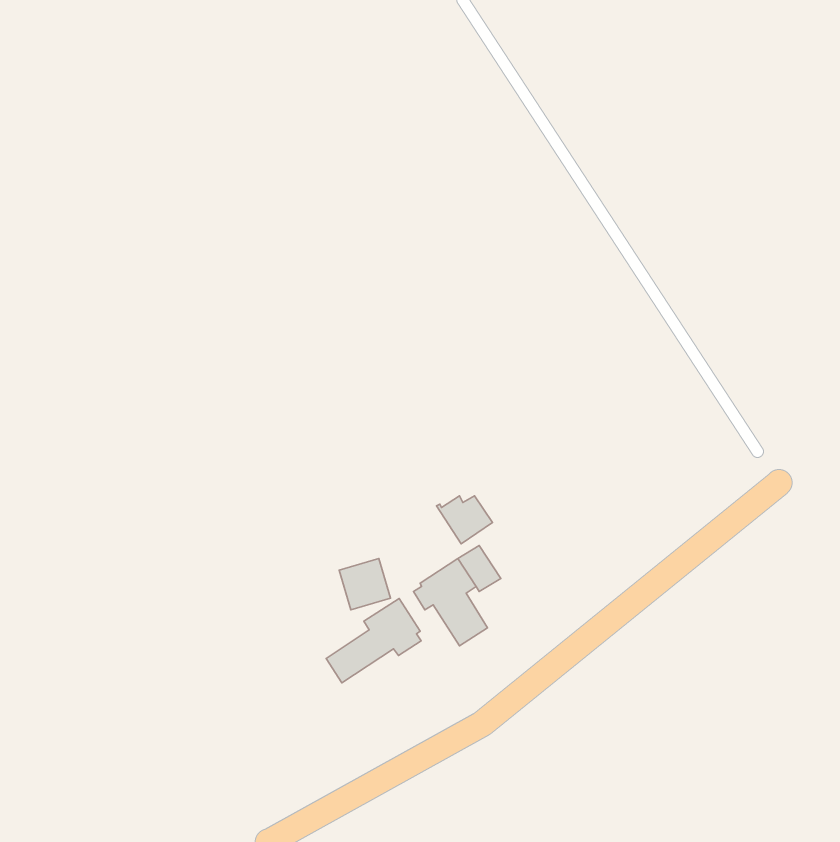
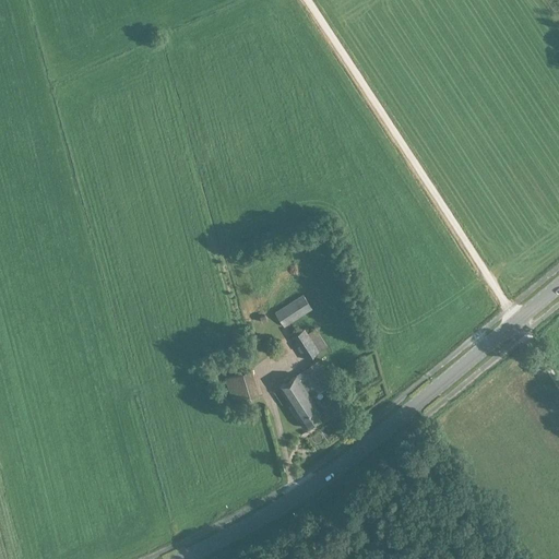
building: none -> [275,295,312,326]
building: [326,598,421,683] -> none

